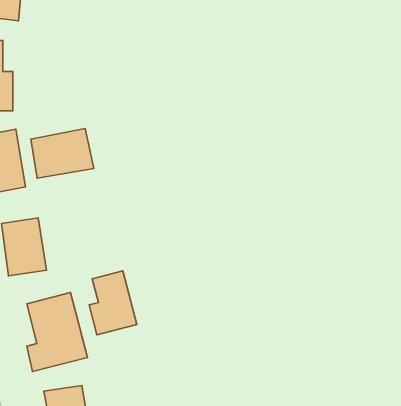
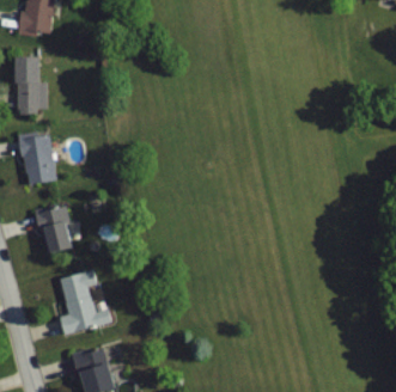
building: [31,129,94,178] -> none
building: [89,271,137,335] -> none

